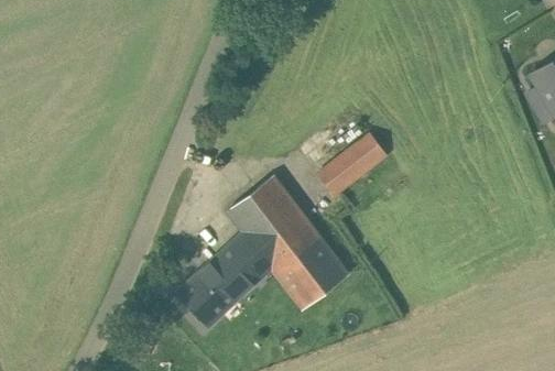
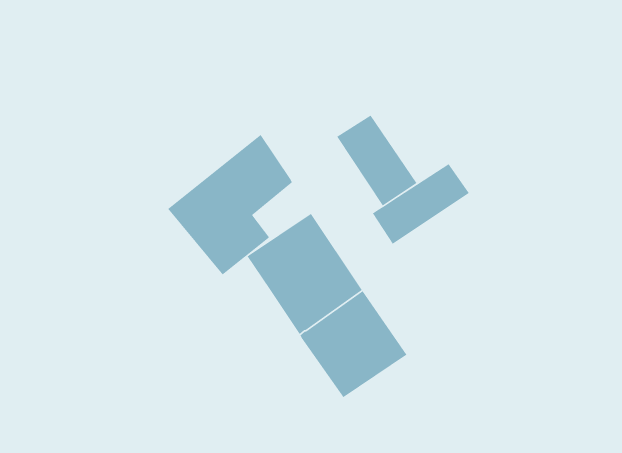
building: none -> [336,114,418,206]
building: [179,232,270,337] -> [167,134,293,276]

